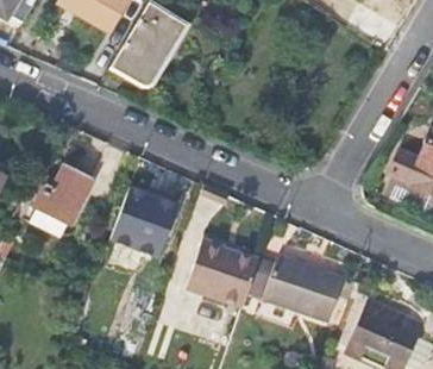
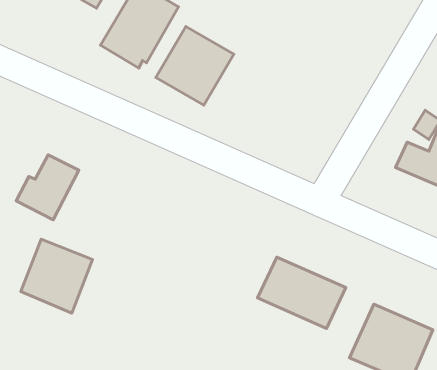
building: none -> [156,27,234,105]
building: [112,187,178,256] -> [21,239,92,313]
building: [183,242,258,312] -> none

